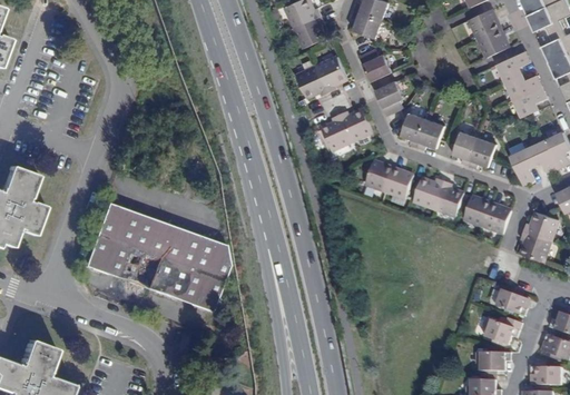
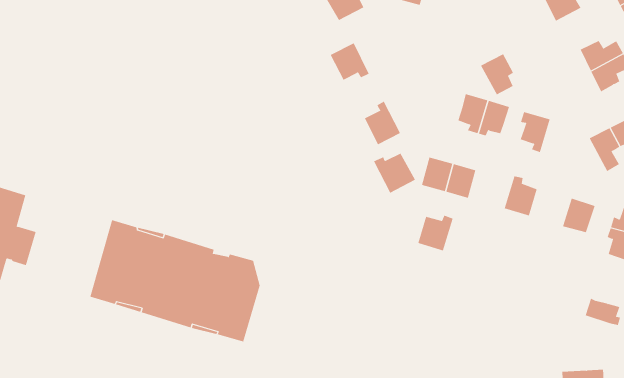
building: [360,48,391,80] -> none
building: [498,52,531,81] -> none
building: [317,56,347,91] -> none
building: [374,80,402,115] -> [480,54,514,95]
building: [340,109,374,142] -> [373,153,416,193]
building: [468,138,497,169] -> none
building: [413,180,444,210] -> [418,215,453,251]
building: [463,198,491,228] -> none
building: [483,315,522,343] -> none

